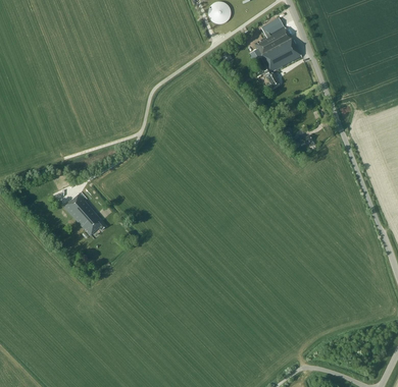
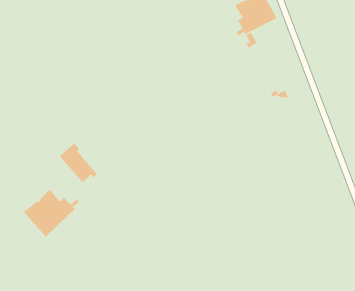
building: none -> [23,189,80,237]

